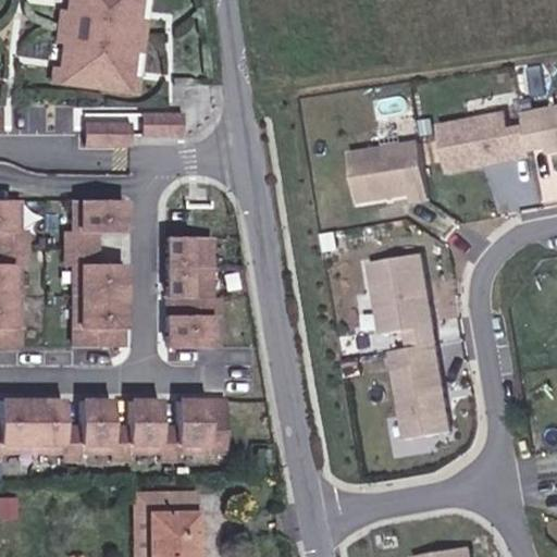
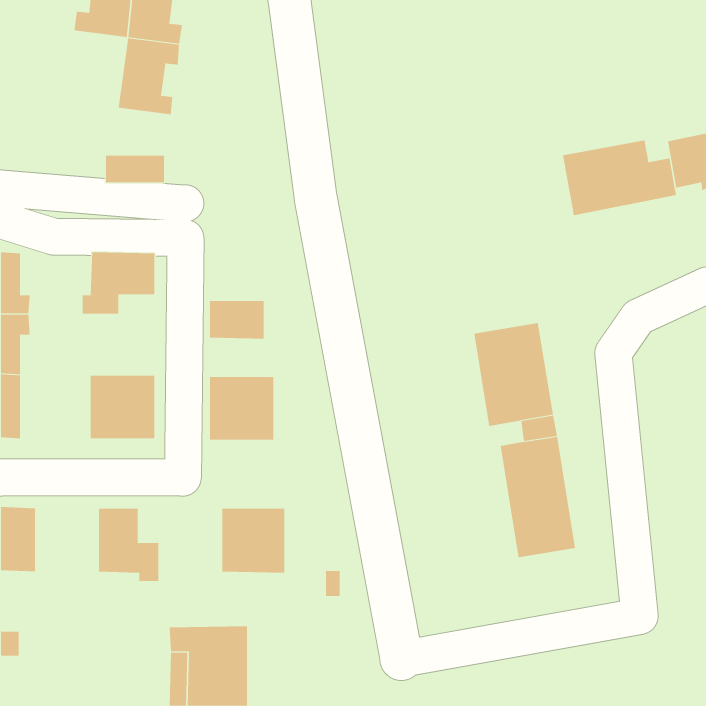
building: [52,24,101,85] -> none
building: [140,112,182,134] -> none
building: [352,139,432,200] -> none
building: [65,247,123,295] -> none
building: [165,265,209,296] -> none
building: [29,399,78,457] -> none
building: [126,399,175,457] -> none

